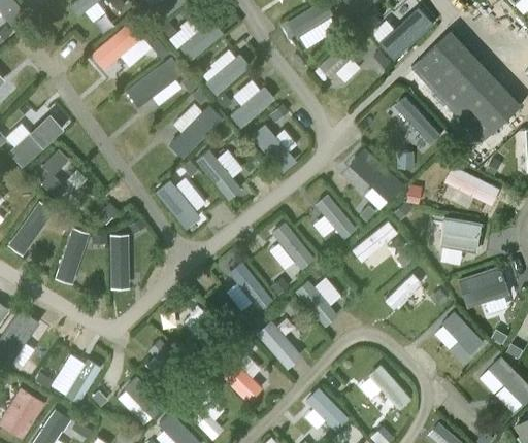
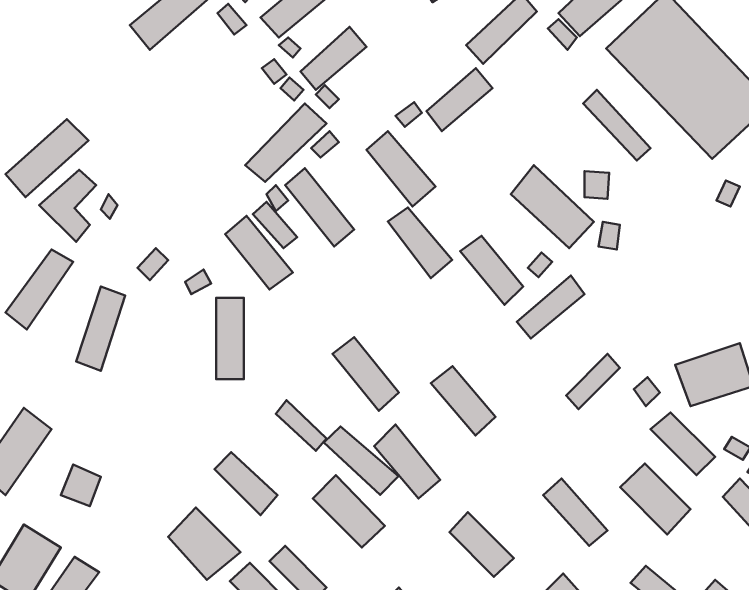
building: [125,58,183,109] -> none
building: [230,87,274,129] -> [427,68,493,131]
building: [443,167,499,207] -> none
building: [438,218,481,254] -> none
building: [270,224,314,271] -> [388,208,452,278]
building: [109,236,128,291] -> [216,298,244,379]
building: none -> [324,427,398,495]
building: none -> [620,464,691,534]
building: [63,360,101,406] -> none

